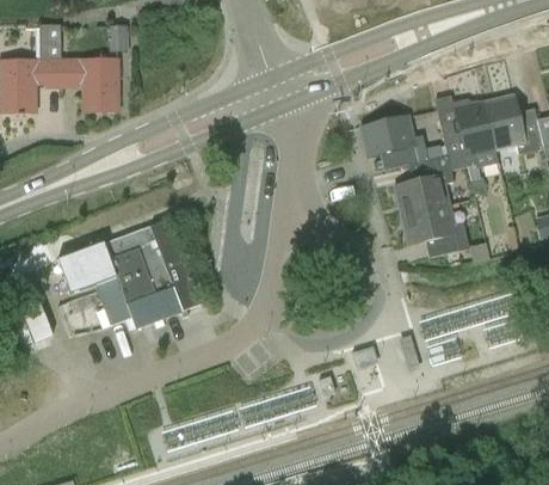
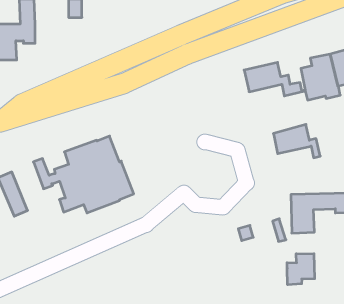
building: [61,59,117,111] -> none
building: [394,155,452,216] -> none
building: none -> [287,254,315,285]

